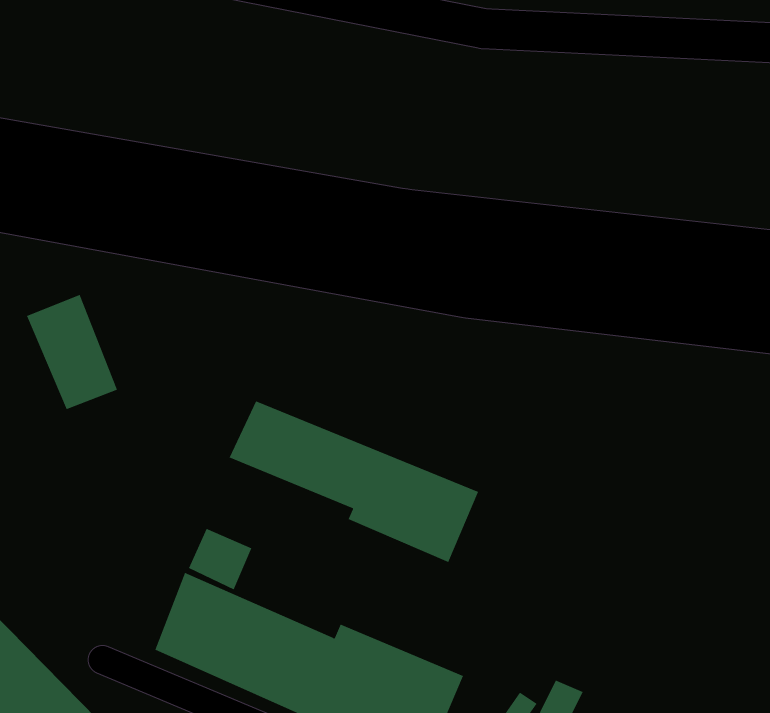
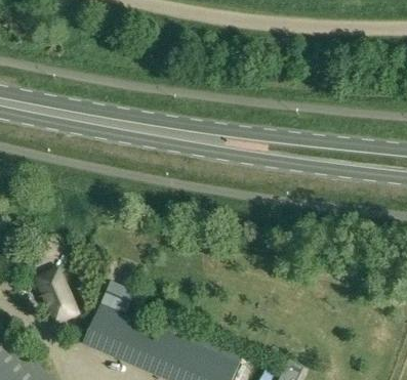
building: [26,294,118,410] -> [33,265,80,325]
building: [229,400,479,563] -> none

